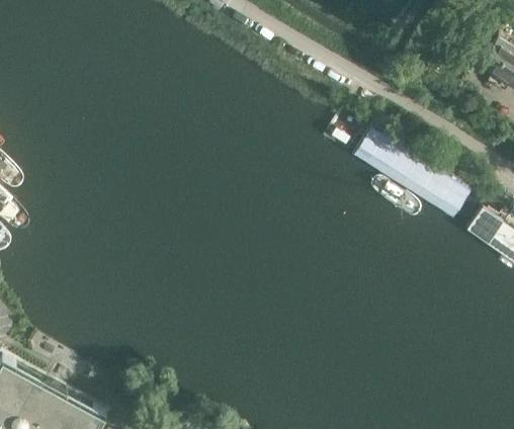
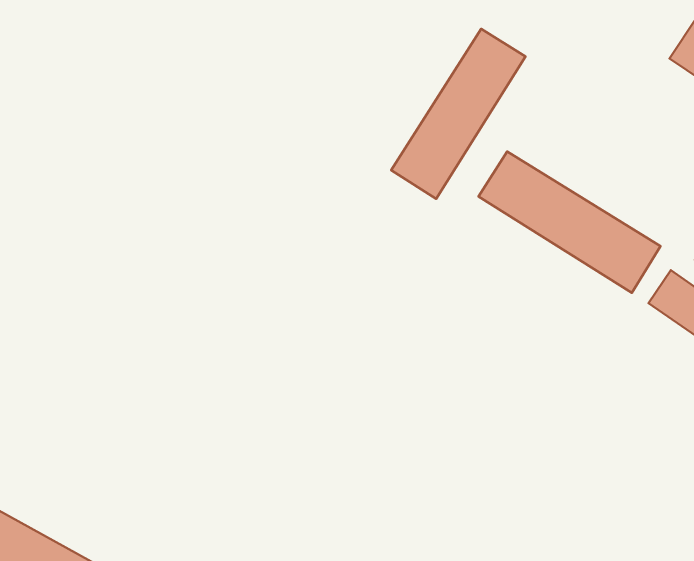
building: none -> [391,29,525,199]

